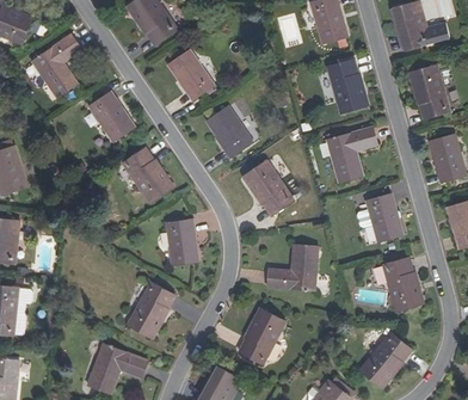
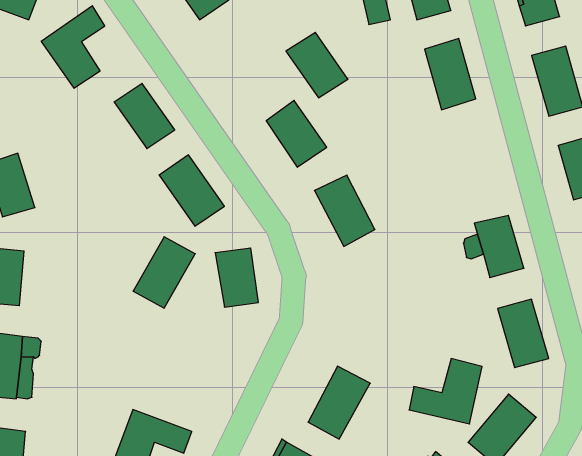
building: [167,48,215,98] -> [286,32,348,98]
building: [327,125,378,183] -> none
building: [270,247,326,297] -> [409,359,482,424]
building: [128,281,176,336] -> [133,237,195,308]

